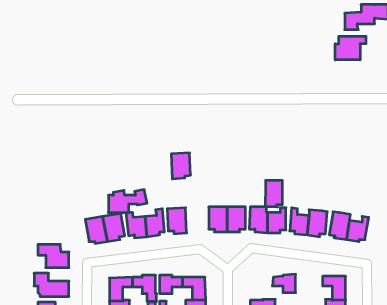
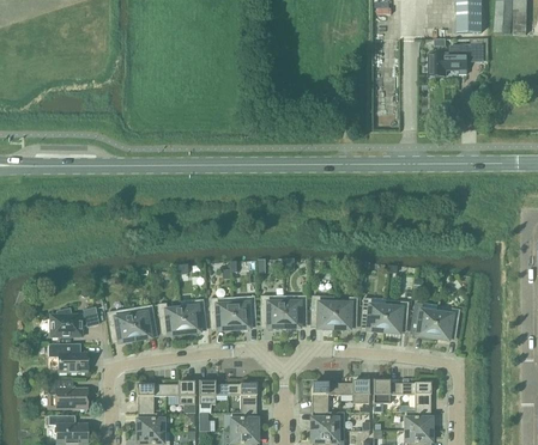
building: [335,36,366,60] -> none
building: [171,153,191,179] -> [232,295,256,328]
building: [265,180,282,207] -> none
building: [108,190,147,213] -> [52,306,99,335]
building: none -> [374,379,403,402]
building: none -> [312,383,341,412]

